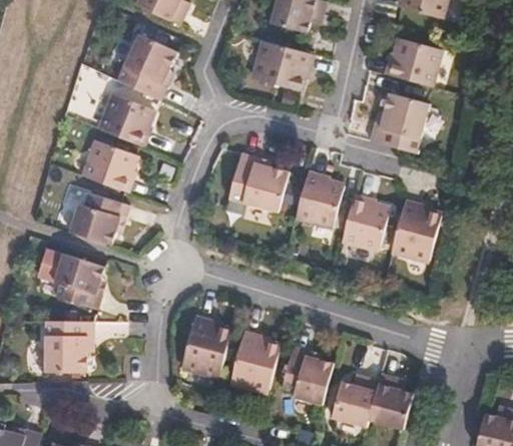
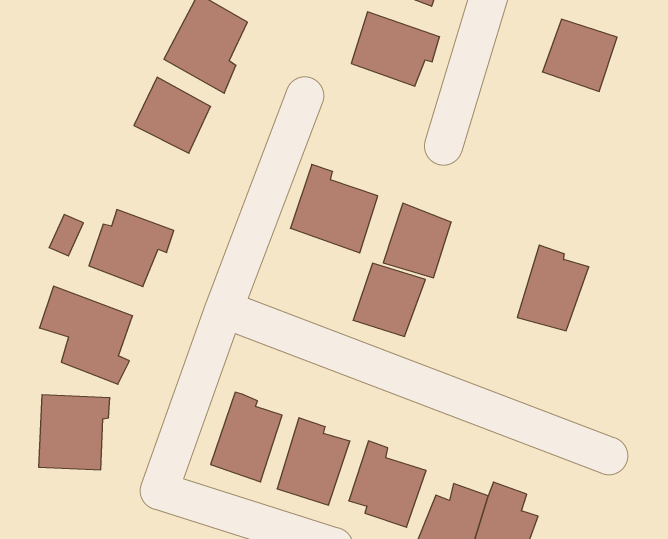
building: [372,93,431,152] -> none
building: [89,142,142,193] -> none
building: [333,198,382,249] -> [353,263,425,336]

